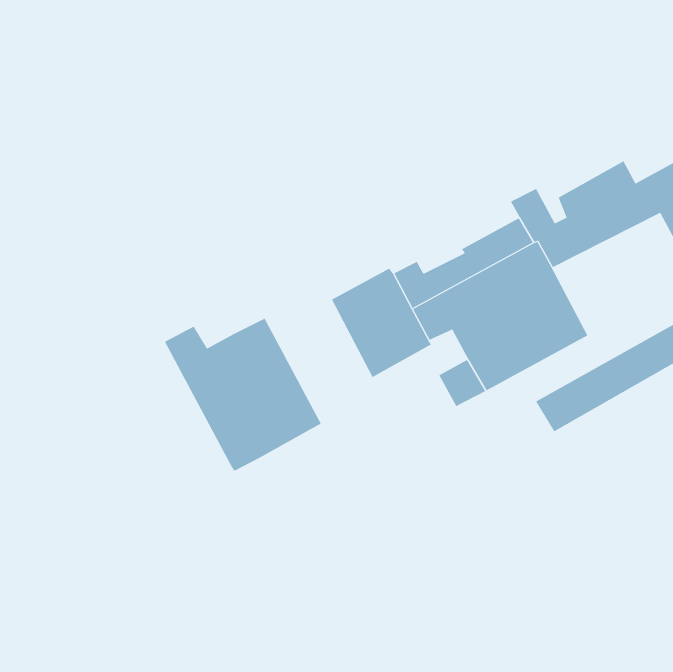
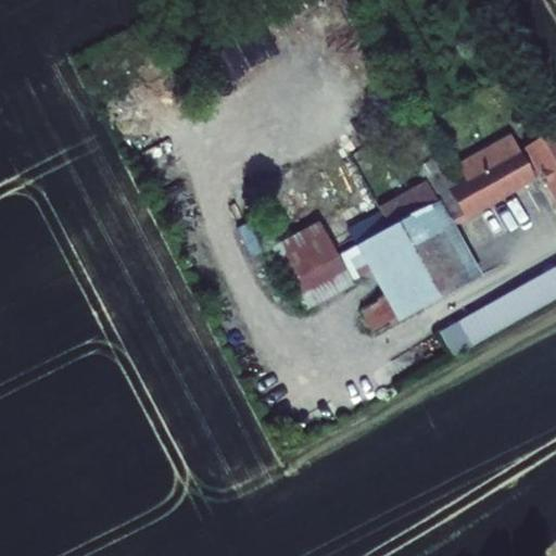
building: [164,318,322,472] -> none

